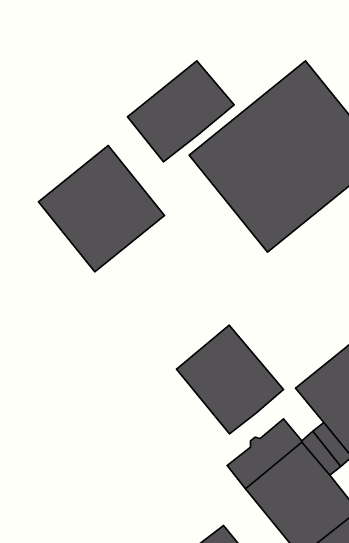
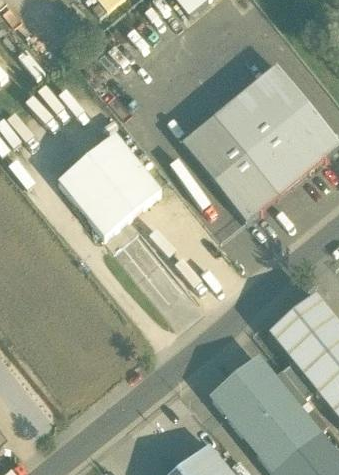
building: [127,61,234,162] -> none
building: [176,325,284,434] -> none

